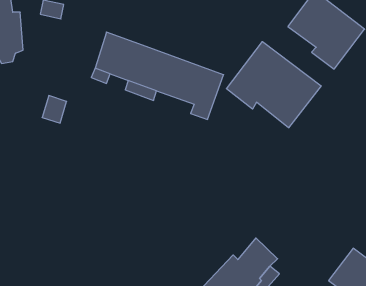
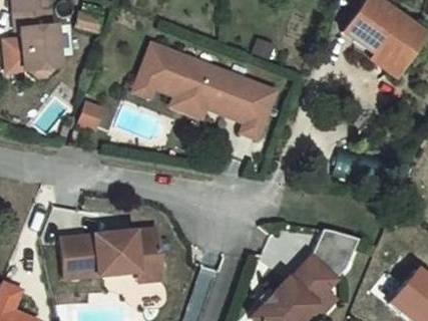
building: [226,42,321,128] -> none
building: none -> [55,226,156,276]
building: none -> [310,230,356,283]

